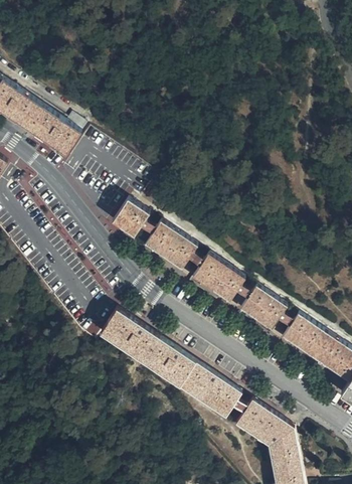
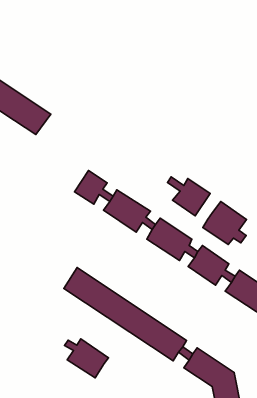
building: none -> [167,177,210,216]
building: none -> [203,202,246,245]
building: none -> [65,339,108,378]

